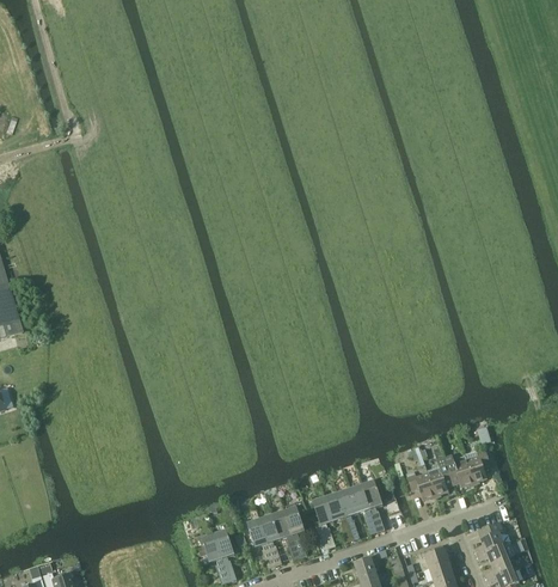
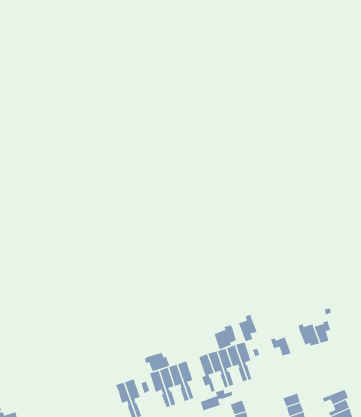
building: none -> [214,325,237,350]
building: [427,458,453,495] -> [238,314,258,342]
building: none -> [145,352,170,372]
building: [474,522,504,555] -> none
building: none -> [200,389,233,411]

